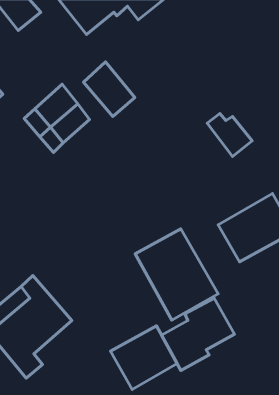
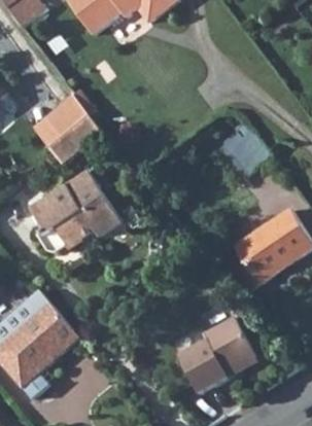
building: [83,62,135,117] -> none
building: none -> [26,167,119,248]
building: [135,229,218,320] -> none
building: [111,326,177,390] -> none

